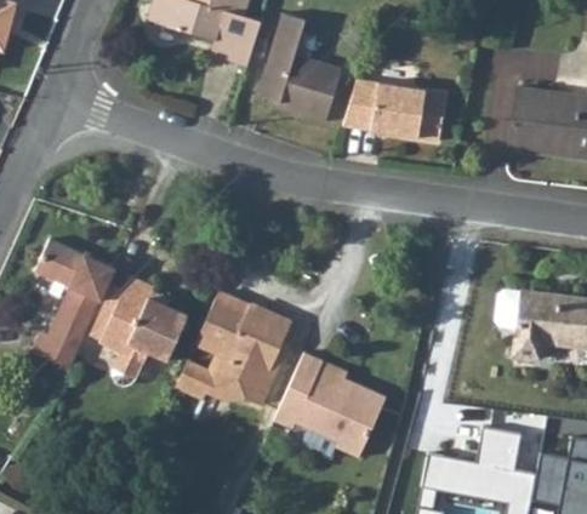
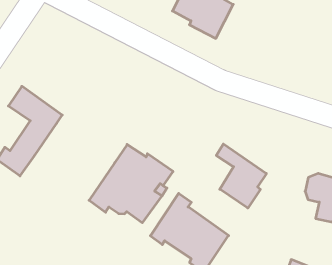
building: [338,76,440,142] -> none
building: none -> [216,144,266,208]
building: [90,278,193,390] -> none

